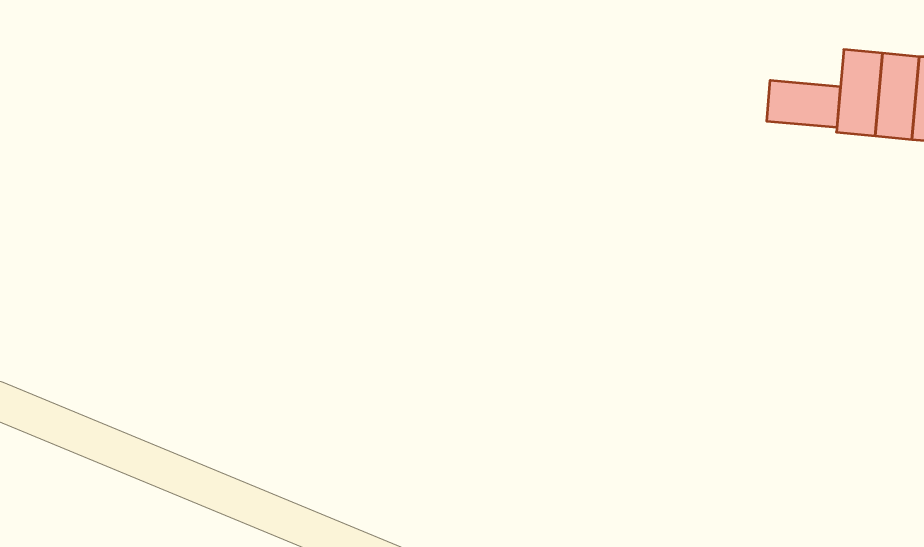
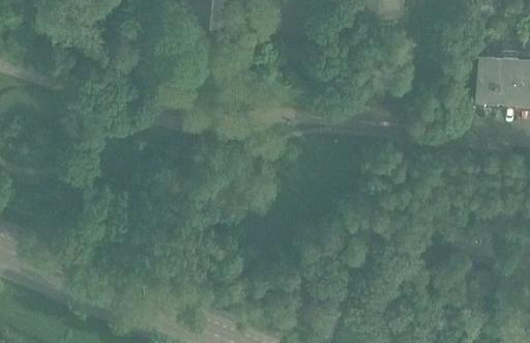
building: [767,80,840,128] -> none

